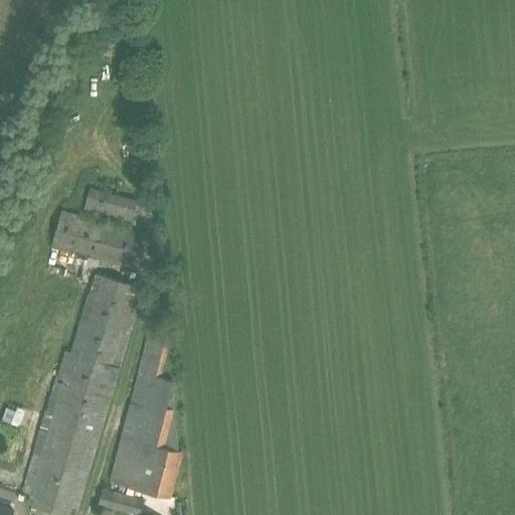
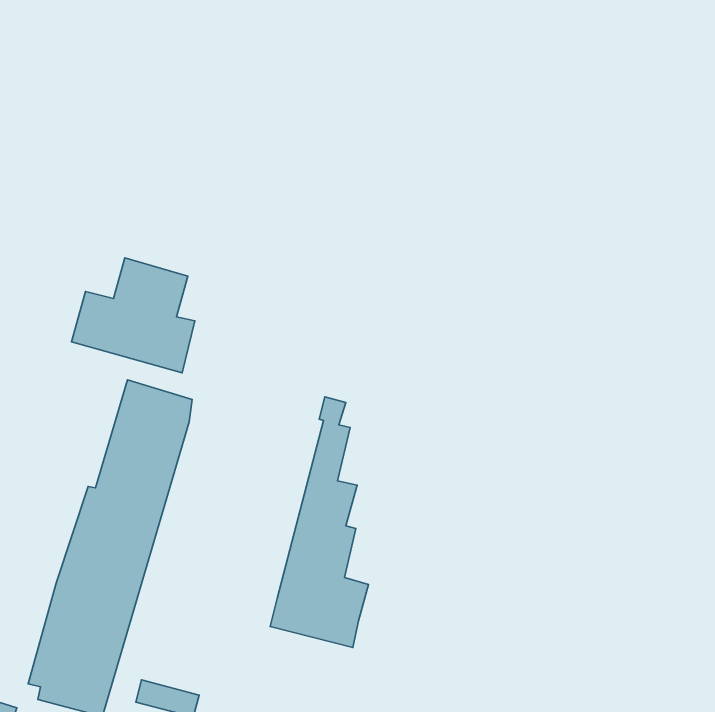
building: [112,319,182,499] -> [270,397,368,648]

